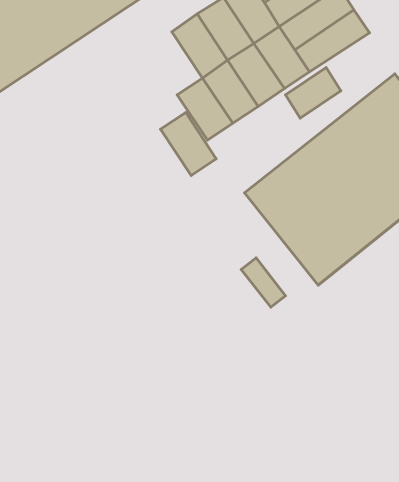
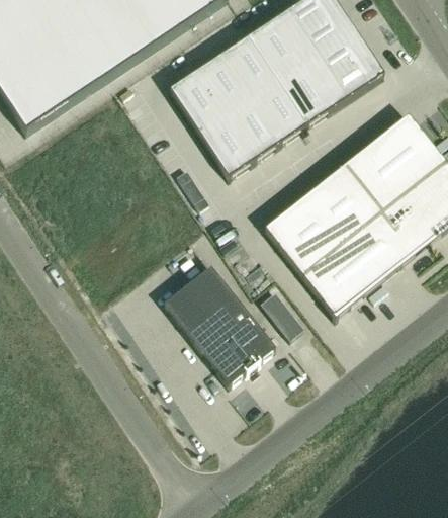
building: [286,68,341,118] -> none
building: [161,112,216,176] -> [170,71,223,132]
building: none -> [164,263,276,382]

